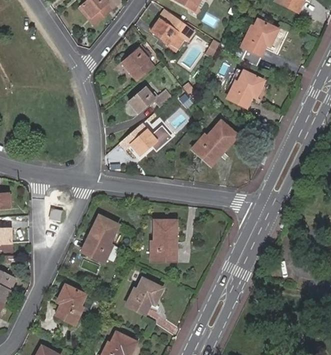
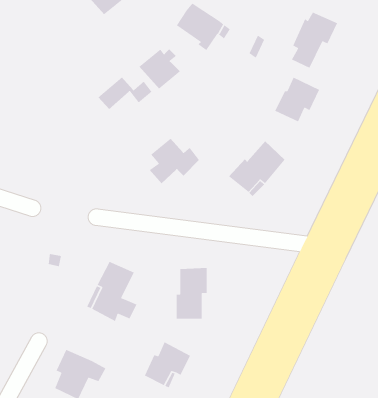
building: [128,86,171,112] -> [98,77,153,110]

